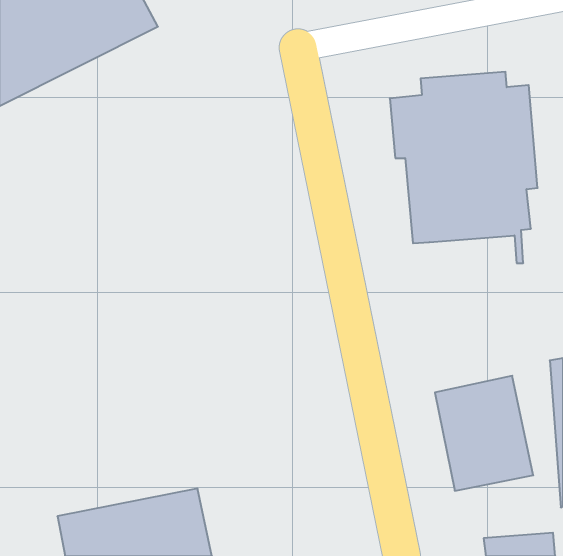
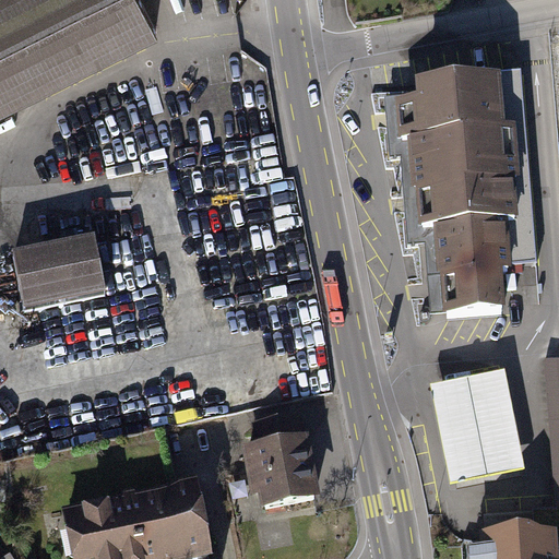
building: none -> [12,231,105,305]
building: none -> [425,233,512,317]
building: none -> [240,414,321,516]

